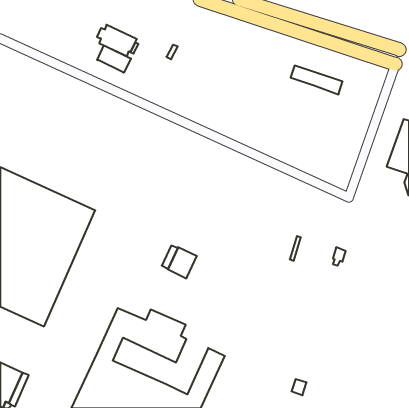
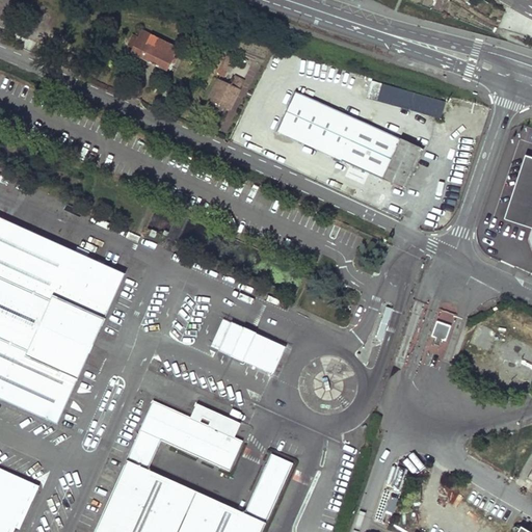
building: [97,45,131,73] -> none
building: none -> [208,76,243,111]
building: none -> [276,95,421,193]
building: none -> [243,332,285,374]

